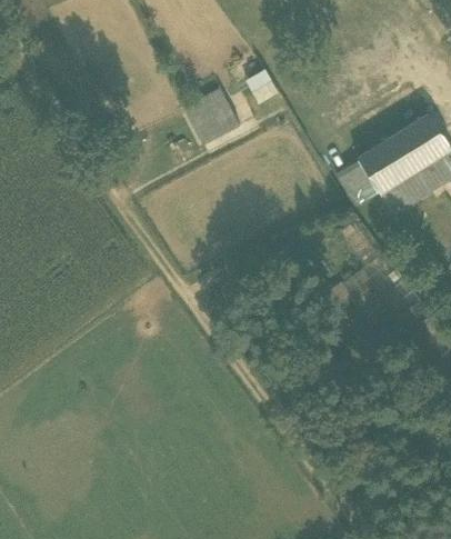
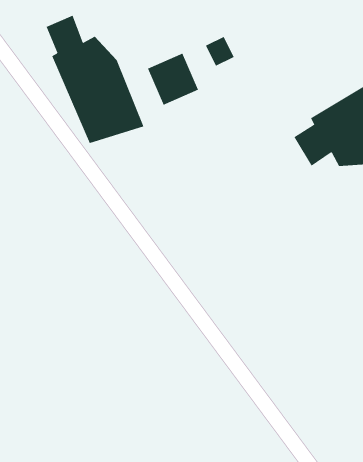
building: none -> [46,15,144,144]

